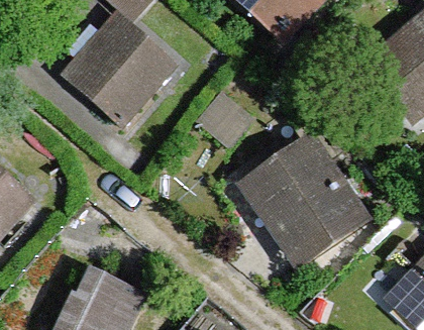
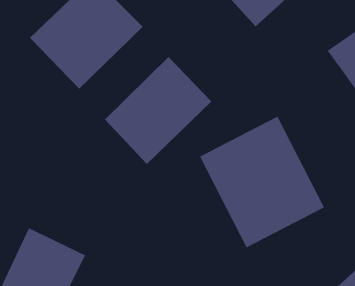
building: none -> [104,56,212,165]

